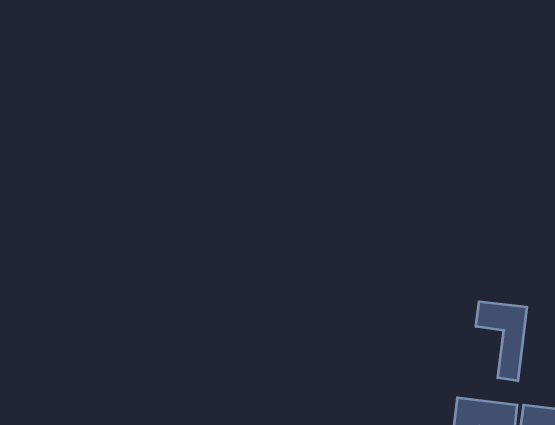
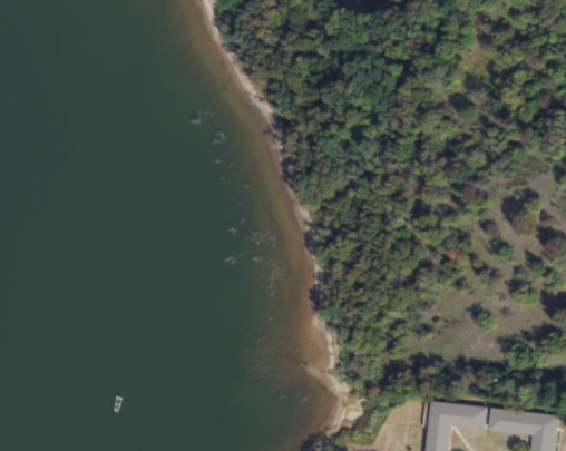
building: [476,302,527,381] -> none

